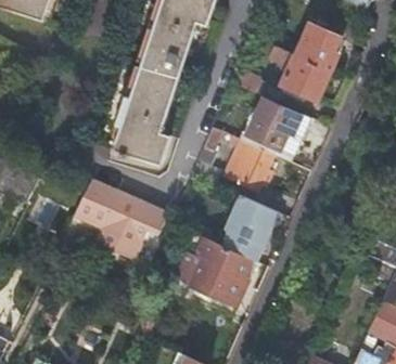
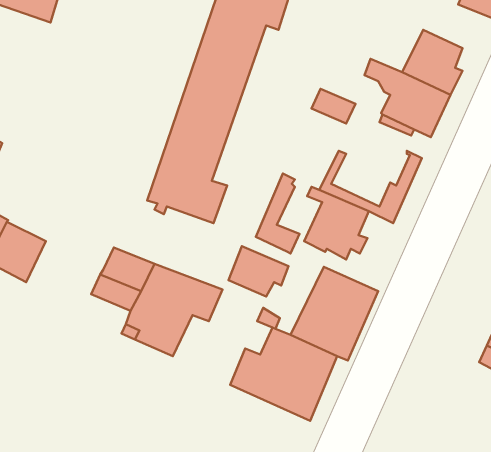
building: [245,96,302,151] -> none
building: none -> [228,246,289,297]

